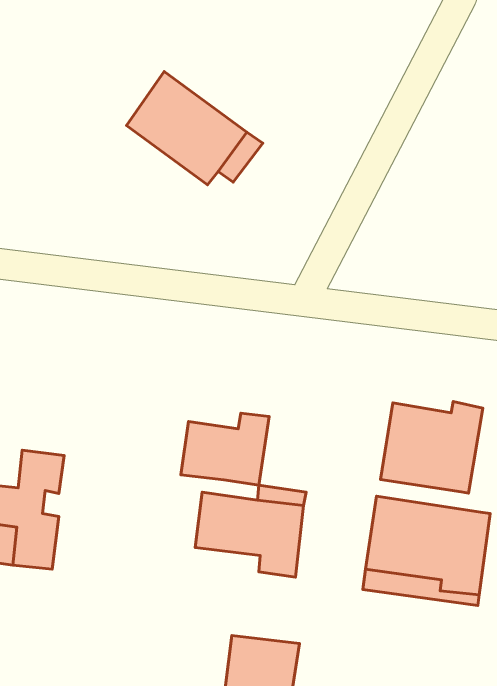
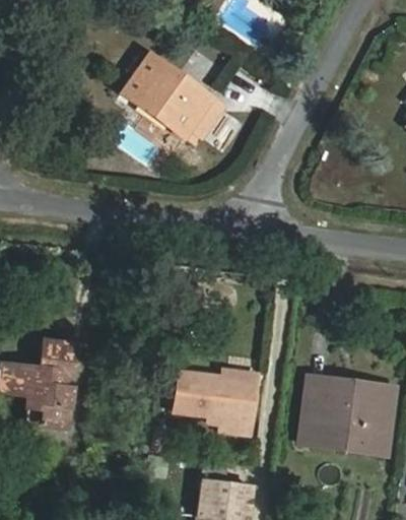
building: [381,401,483,493] -> none
building: [181,413,269,485] -> none

